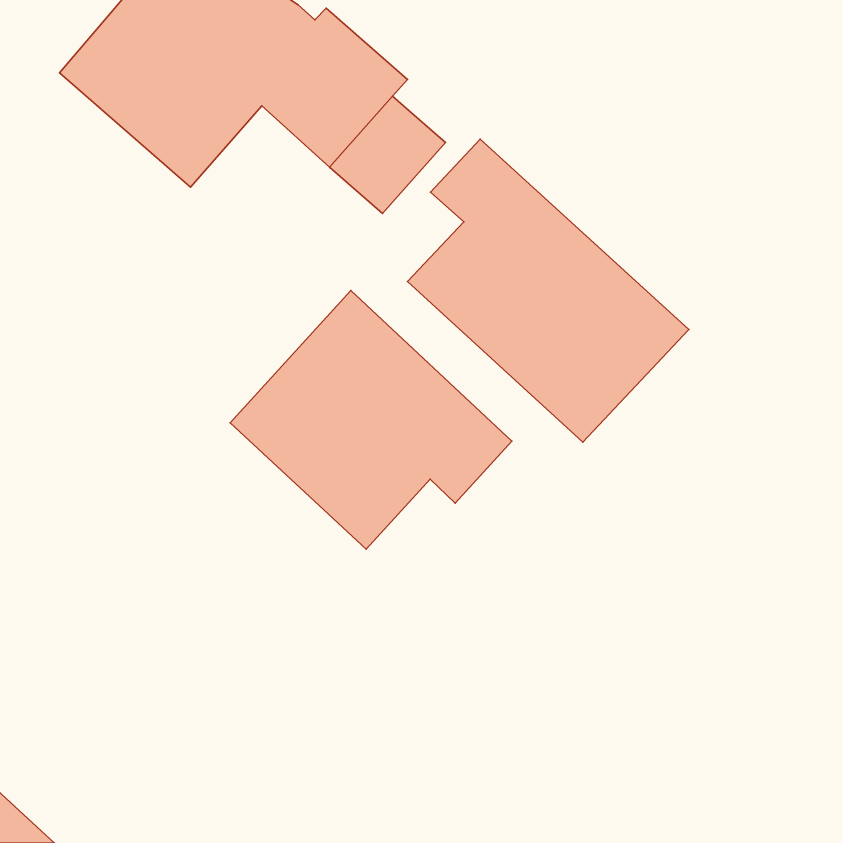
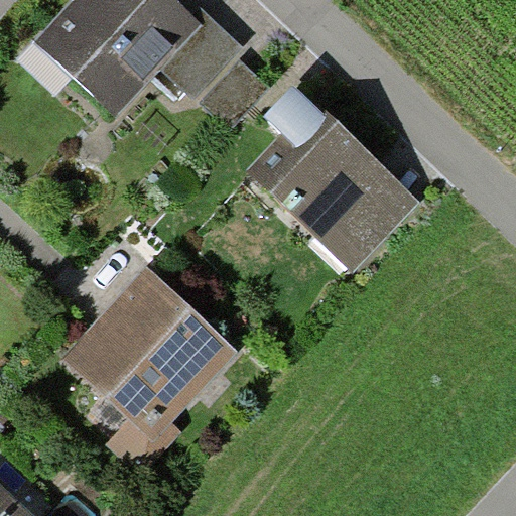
building: [230,291,512,549] -> none
building: none -> [58,269,231,474]

